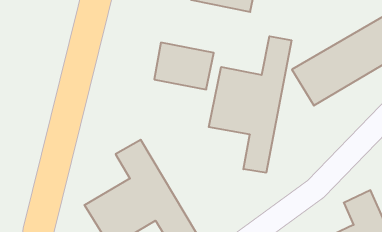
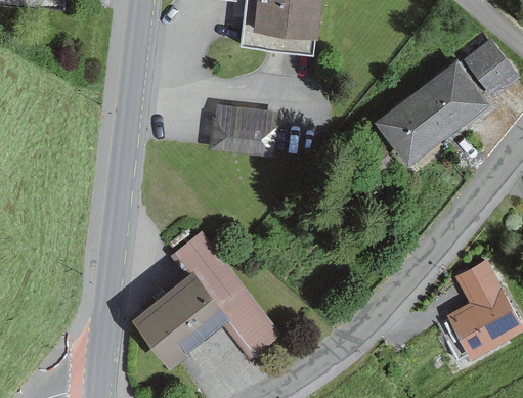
building: [209,36,291,173] -> none

